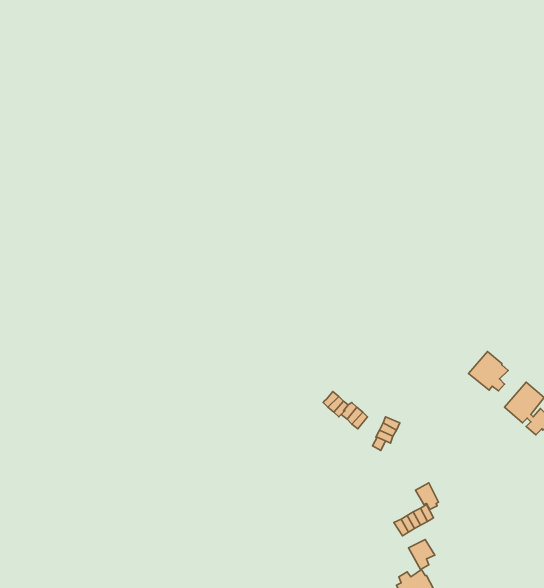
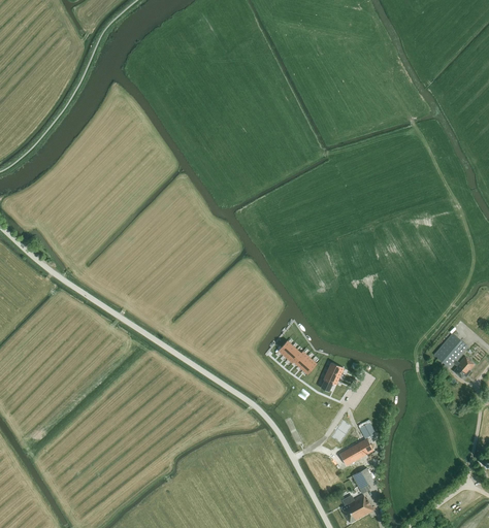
building: [468,351,508,391] -> none

